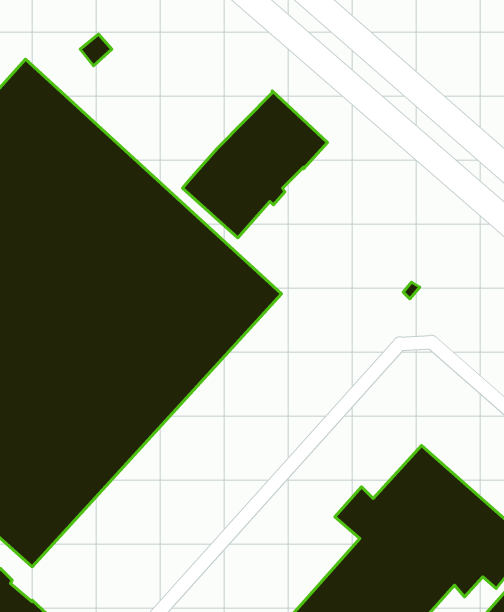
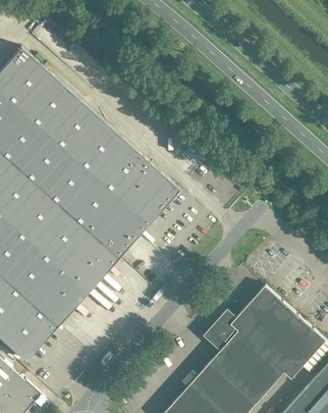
building: [183,91,328,238] -> none

